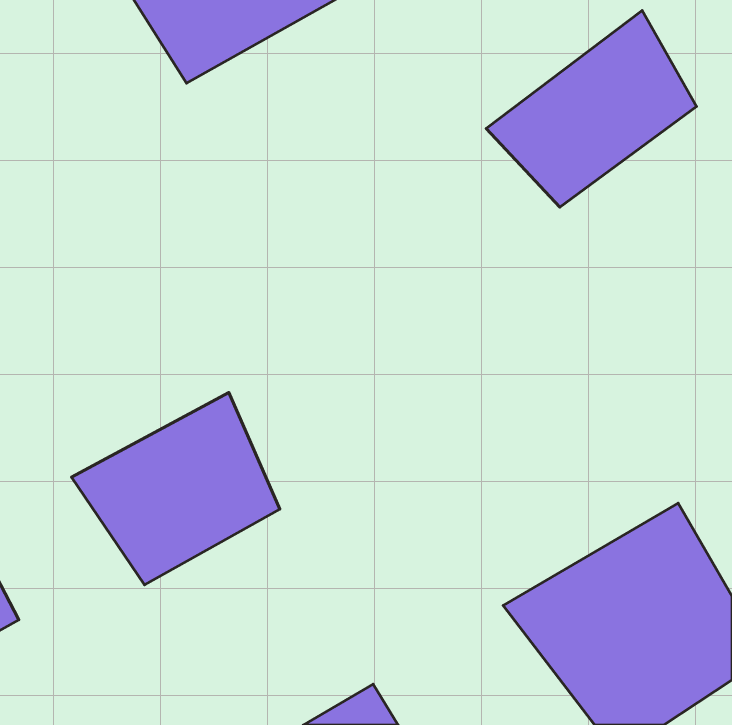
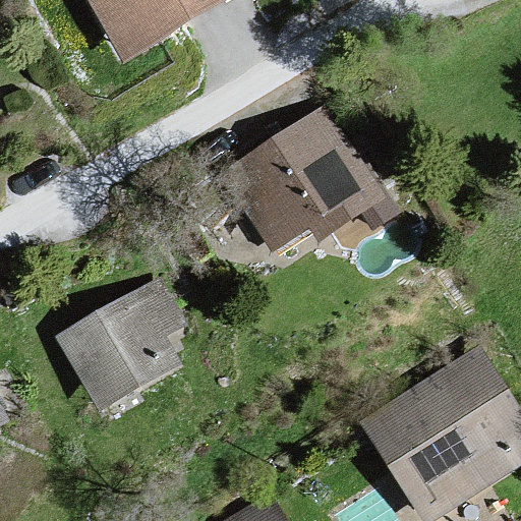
building: [486,10,697,207] -> none
building: none -> [221,101,398,247]

